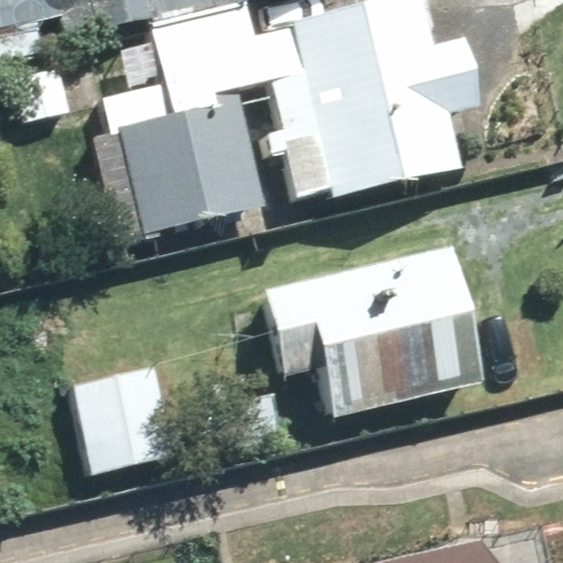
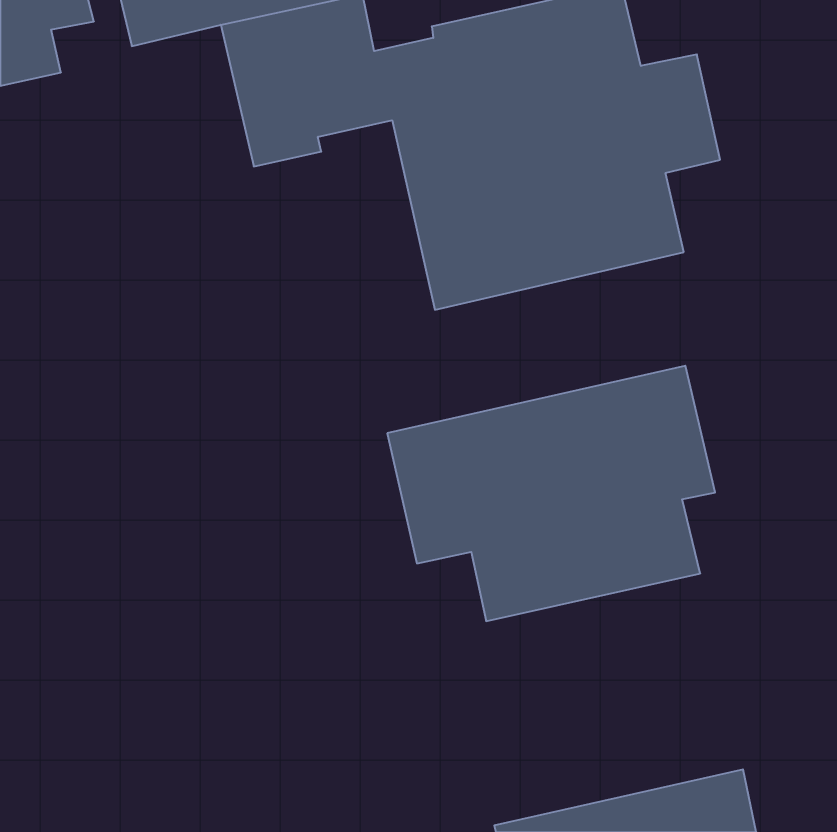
building: [118,95,271,233] -> none
building: [69,380,168,487] -> none

